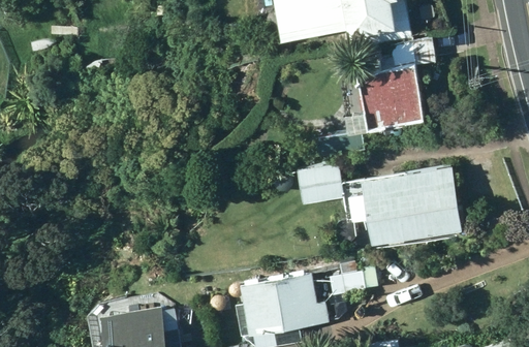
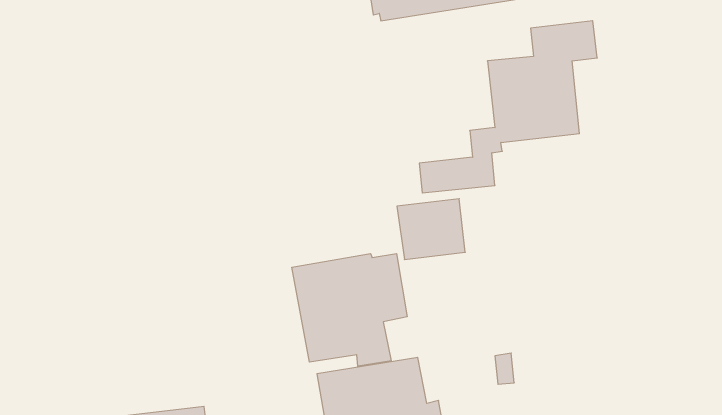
building: [348,166,460,244] -> none
building: none -> [292,254,407,366]

